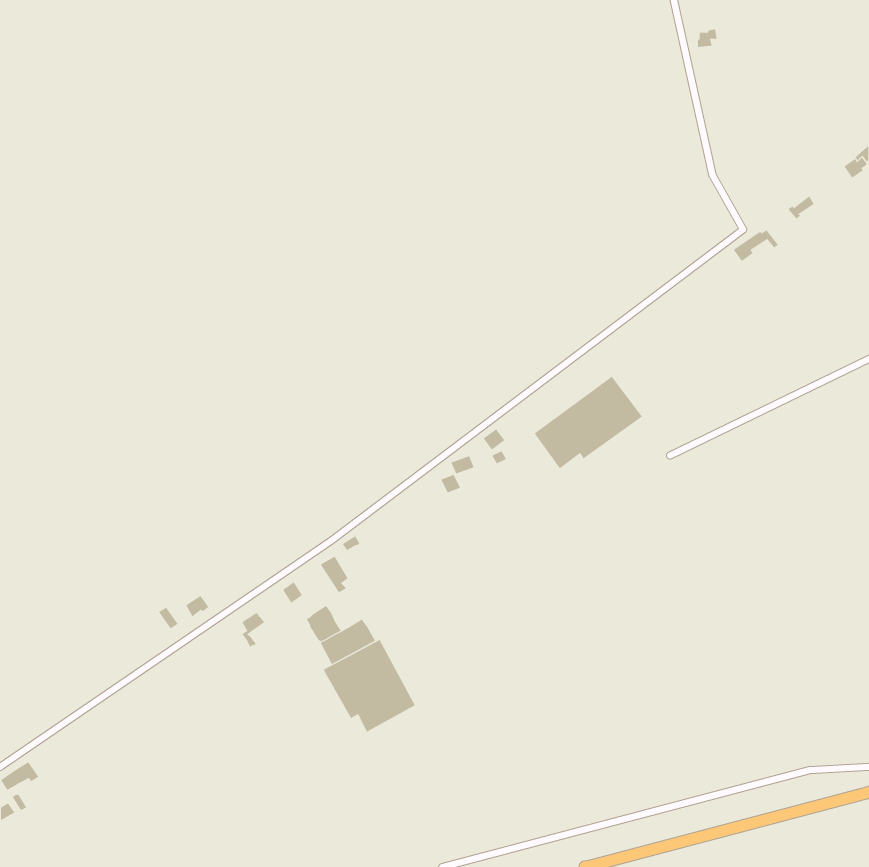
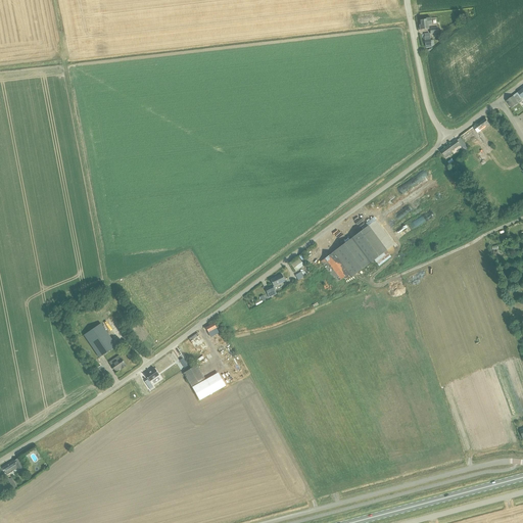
building: none -> [84,322,116,356]
building: [323,639,416,733] -> none

